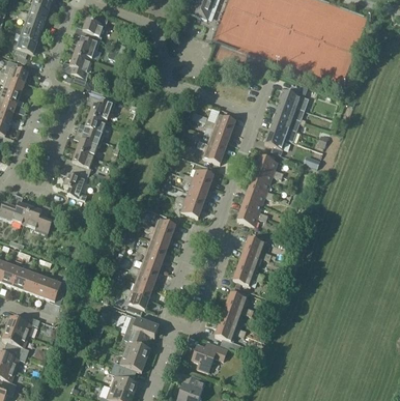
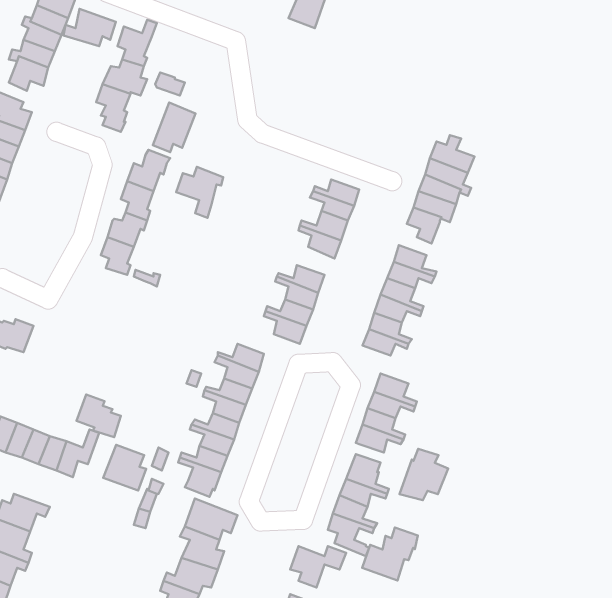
building: none -> [63,9,116,46]
building: none -> [153,103,196,152]
building: none -> [176,167,223,218]
building: [63,170,89,200] -> none
building: [24,206,52,233] -> [76,394,121,437]
building: none -> [103,445,146,491]
building: none -> [400,449,448,500]
building: none -> [362,528,418,580]

